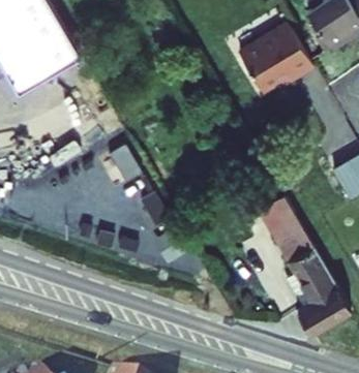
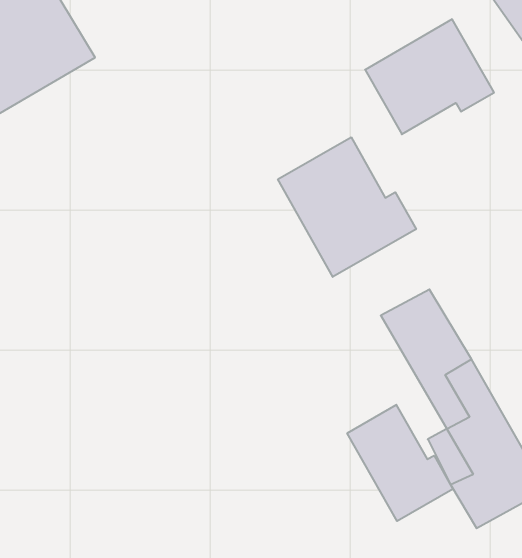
building: none -> [278,137,416,277]
building: none -> [347,405,453,521]

